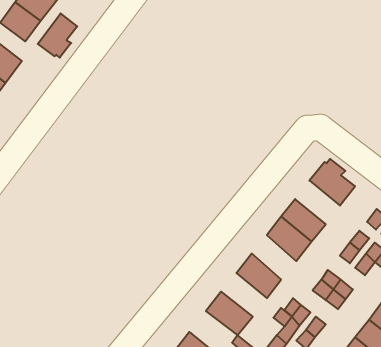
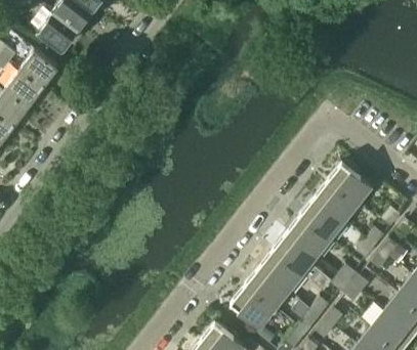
building: [38,13,77,58] -> none
building: none -> [315,181,357,222]
building: none -> [274,232,316,274]
building: none -> [245,268,288,309]

